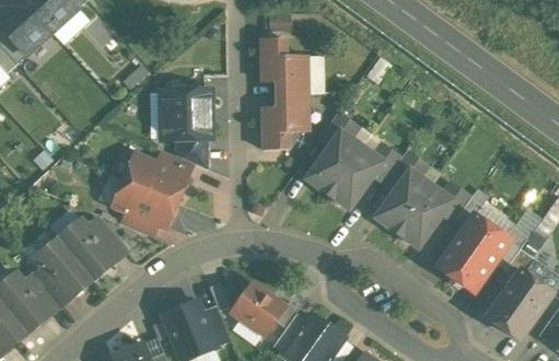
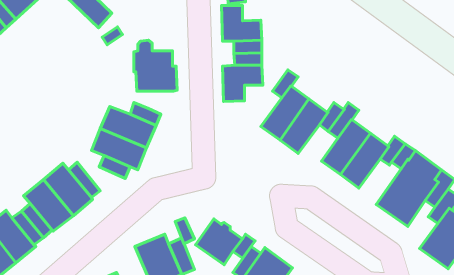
building: [177,137,207,170] -> none

